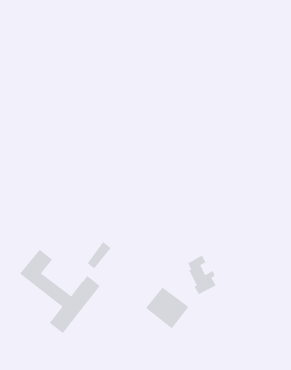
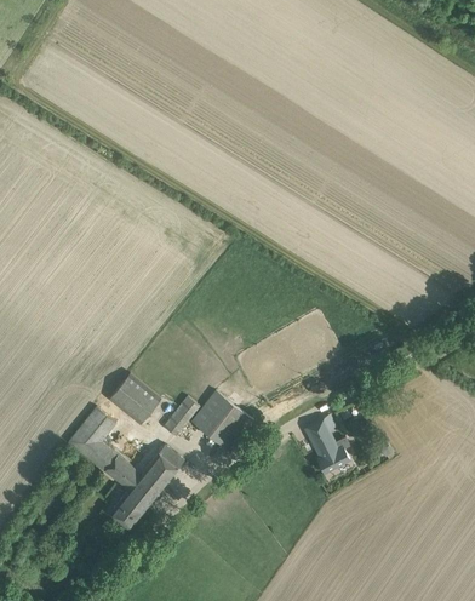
building: none -> [110,373,161,424]
building: [145,287,189,329] -> [191,391,254,452]

